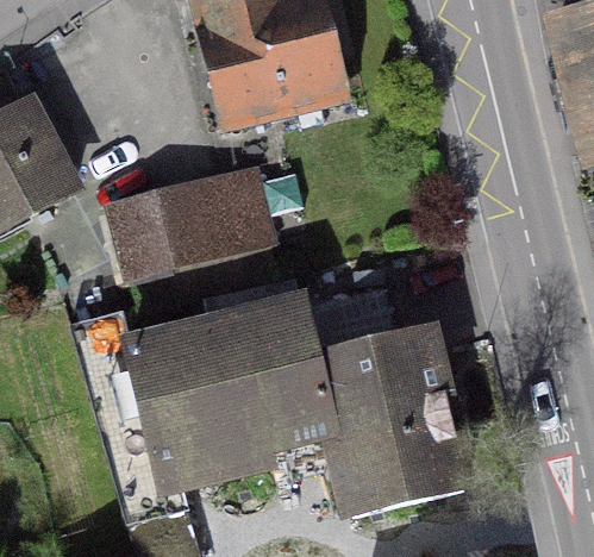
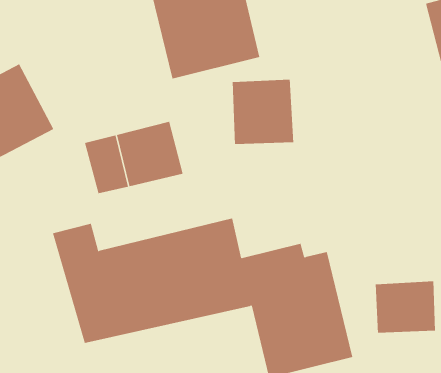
building: none -> [232,79,294,145]
building: none -> [375,281,436,334]

